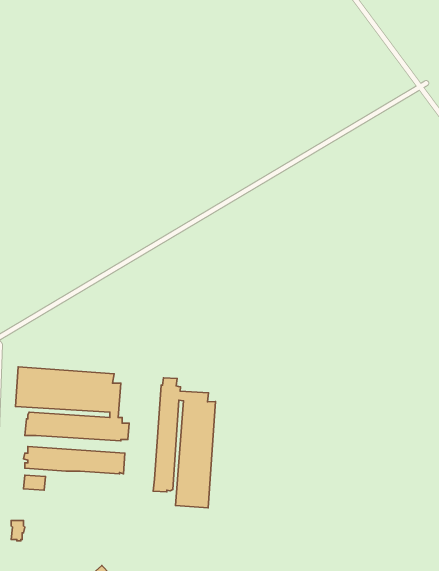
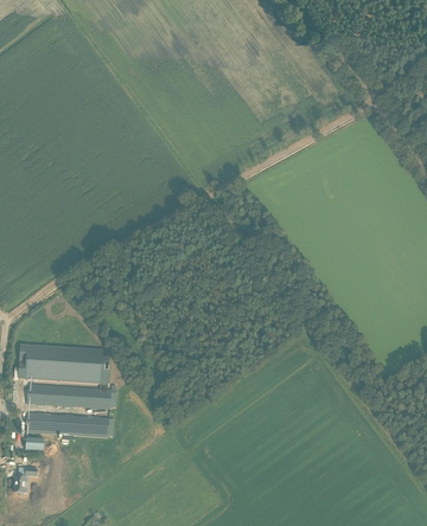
building: [153,378,215,508] -> none

